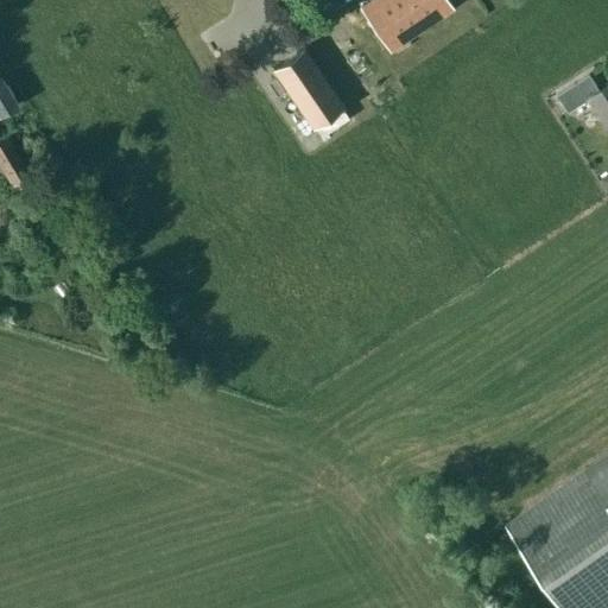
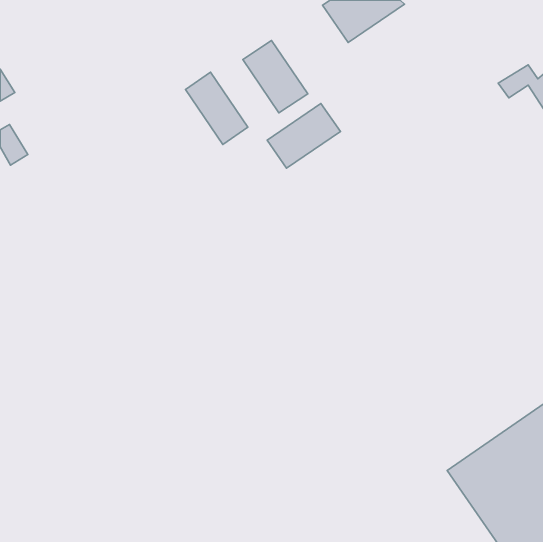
building: none -> [185,72,248,145]
building: none -> [267,104,340,168]

